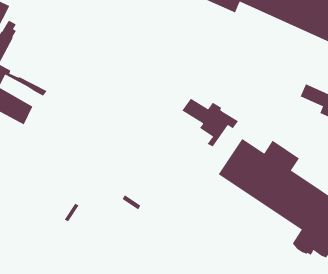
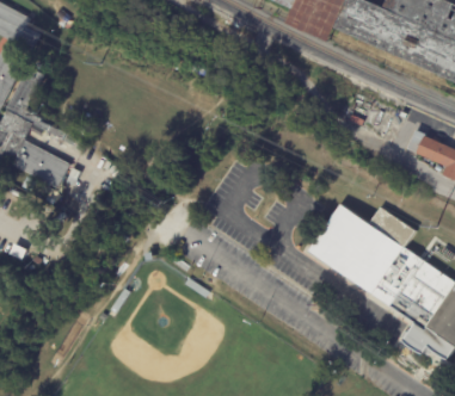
building: [182,98,239,147] -> none

